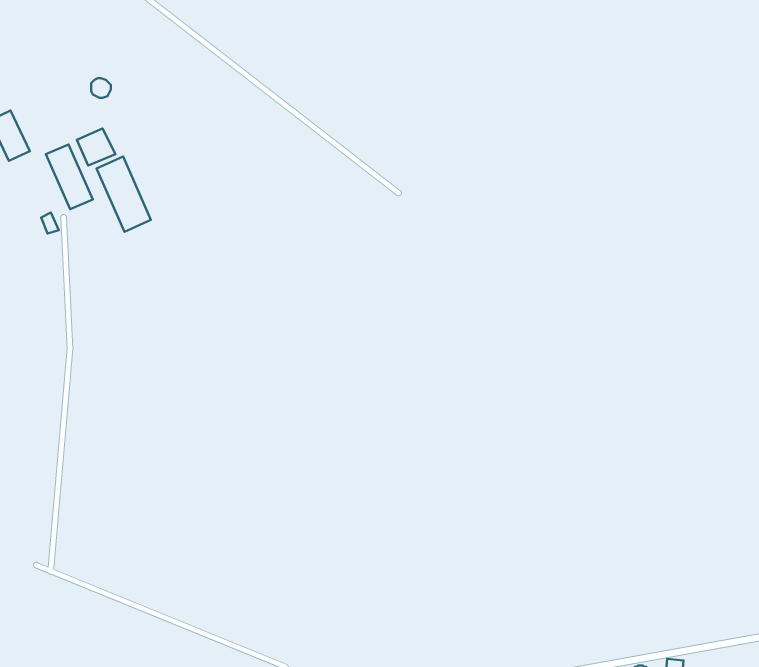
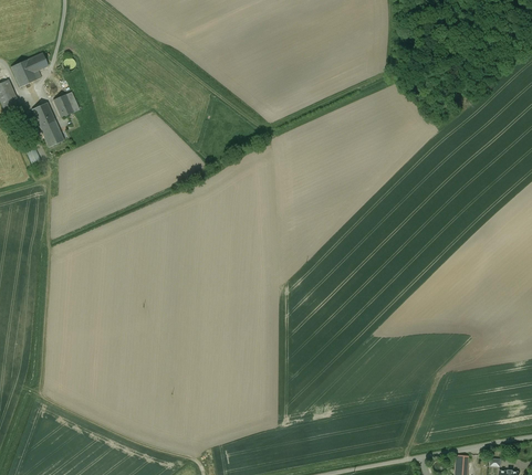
building: none -> [11,53,49,87]
building: [97,157,151,232] -> none

